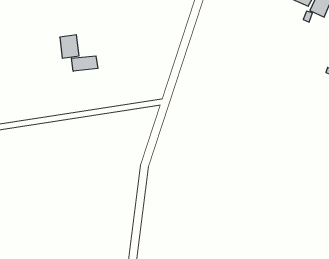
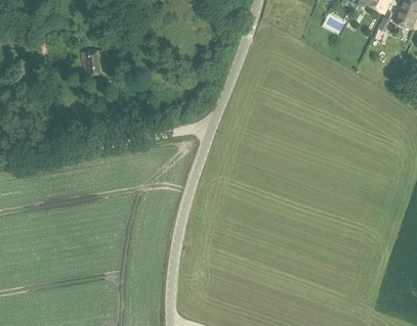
building: [72,56,98,71] -> none

